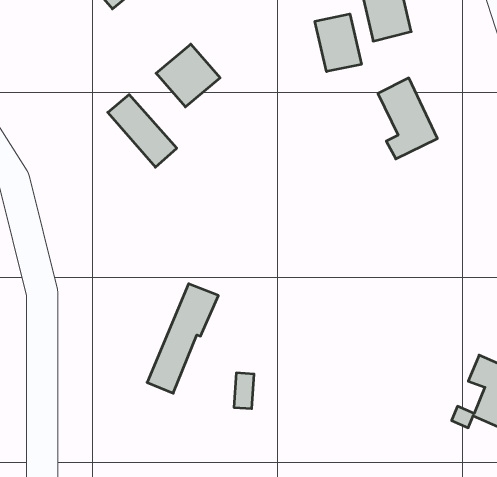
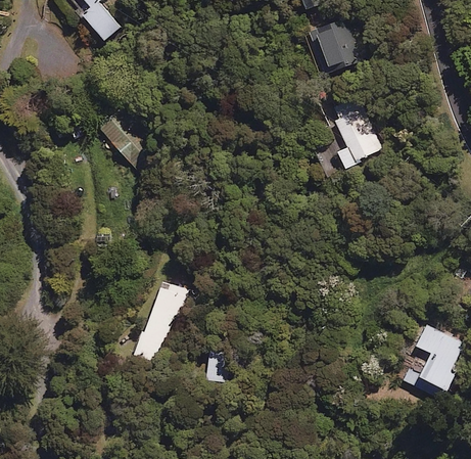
building: [315,14,361,72] -> none
building: [156,44,220,107] -> none

